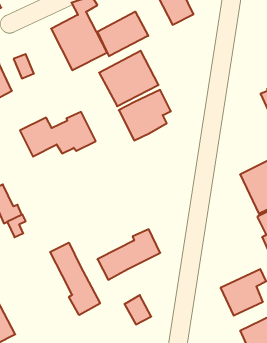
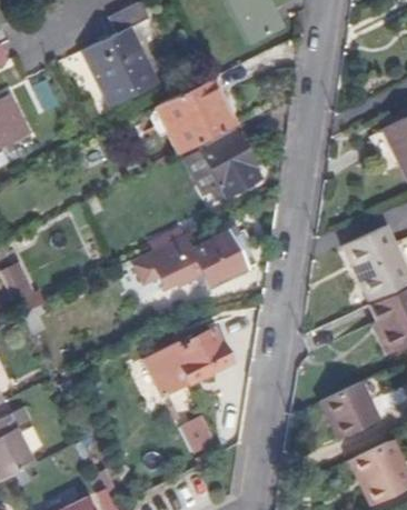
building: [98,12,148,56] -> none
building: [20,112,96,157] -> [150,227,254,288]
building: [50,243,100,315] -> none

